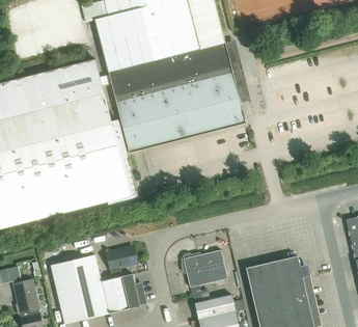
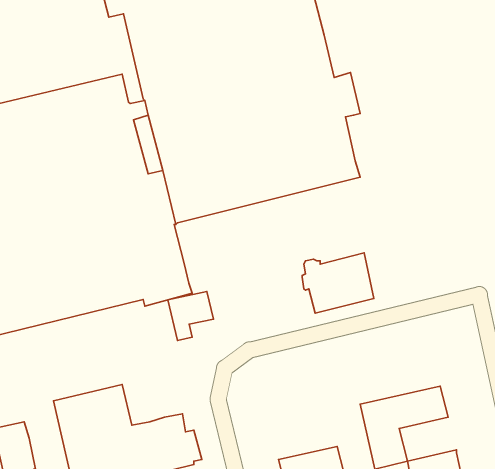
building: [106,247,135,278] -> [168,292,213,341]
building: [182,249,227,288] -> [302,253,374,313]
building: [271,276,307,304] -> none

